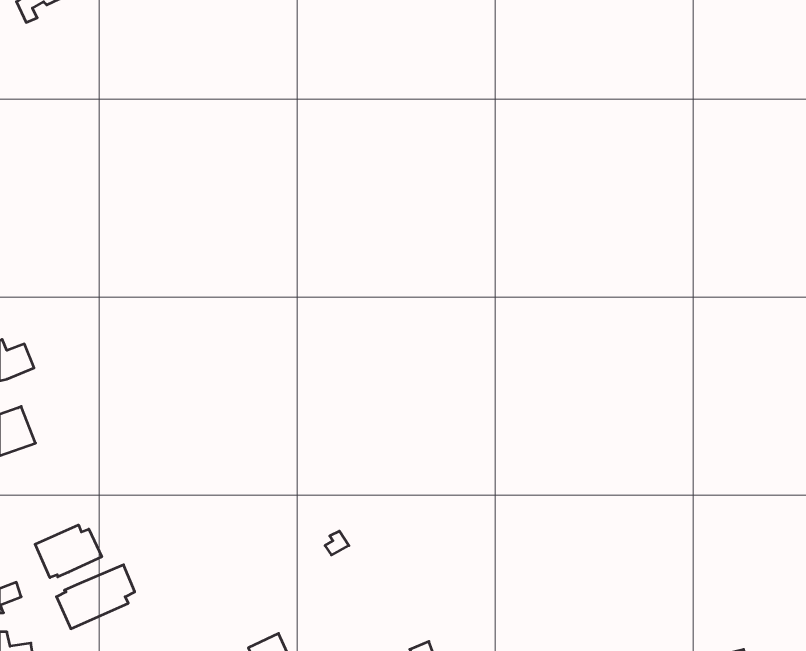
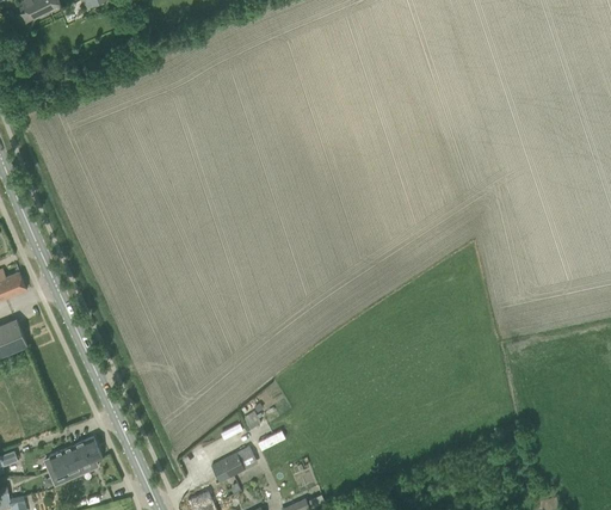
building: [35,525,102,578] -> none
building: none -> [211,453,245,483]

